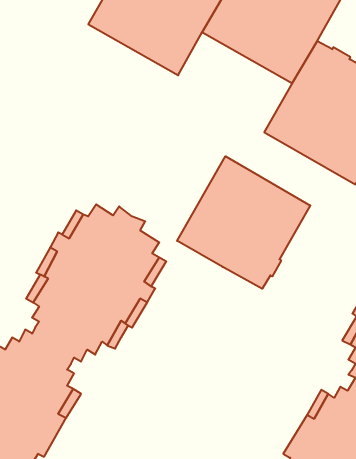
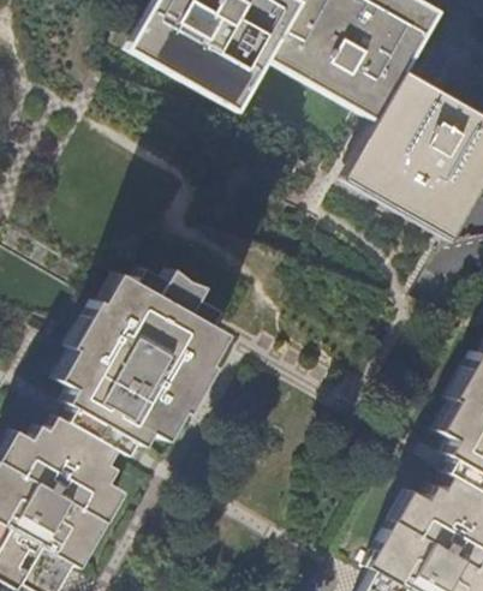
building: [177,156,310,289] -> none

